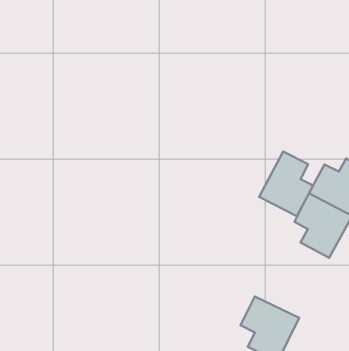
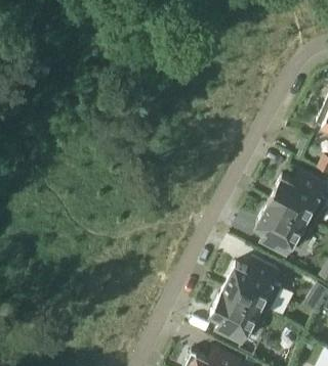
building: [259,151,313,216] -> none
building: none -> [223,258,280,307]

